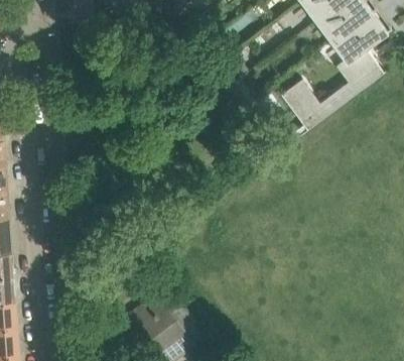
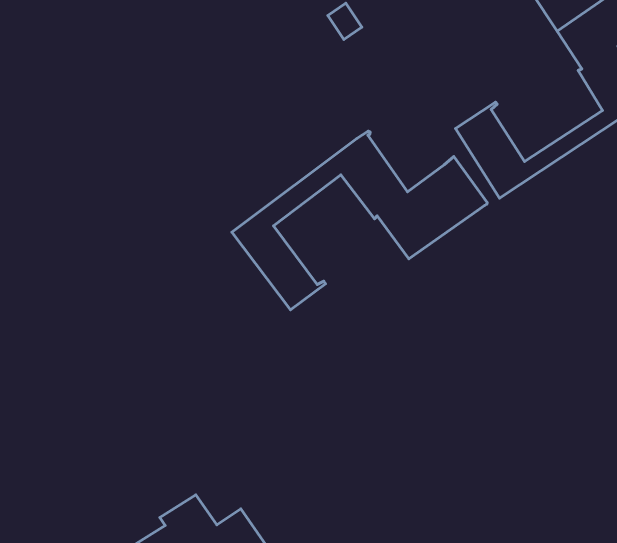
building: none -> [232,131,487,310]

